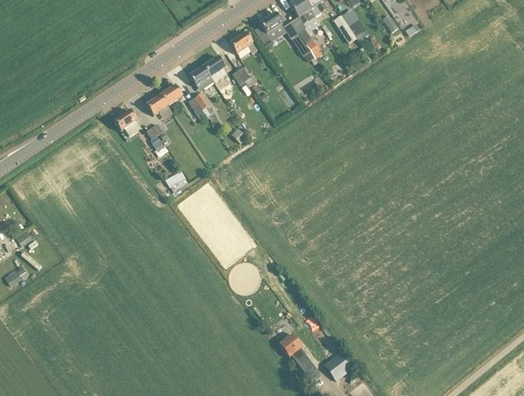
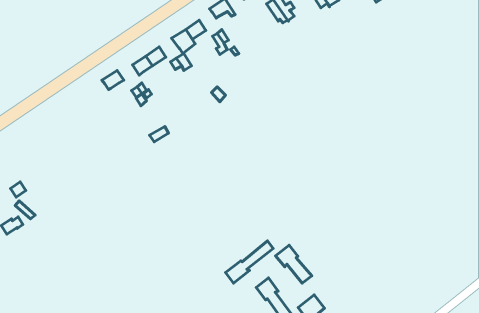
building: none -> [225,241,273,283]
building: none -> [275,245,312,283]

